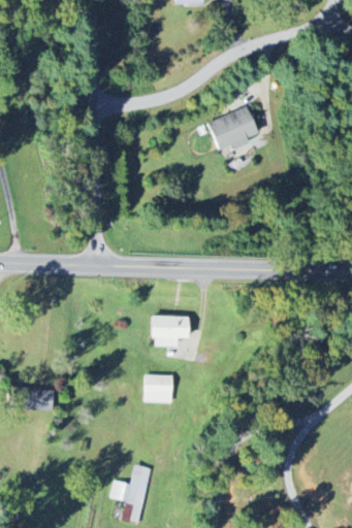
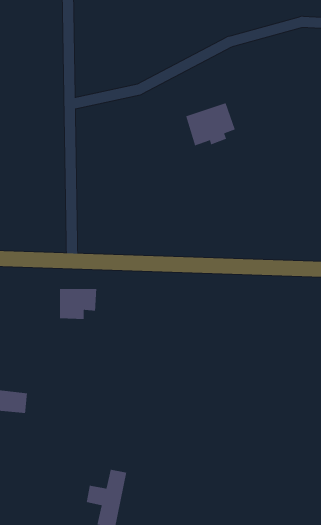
building: [152,316,189,346] -> [59,288,97,320]
building: [143,374,172,402] -> none

